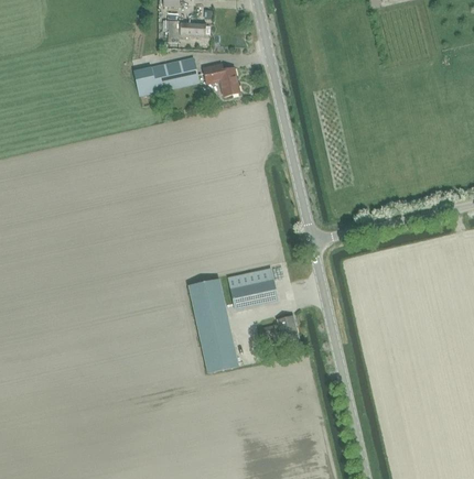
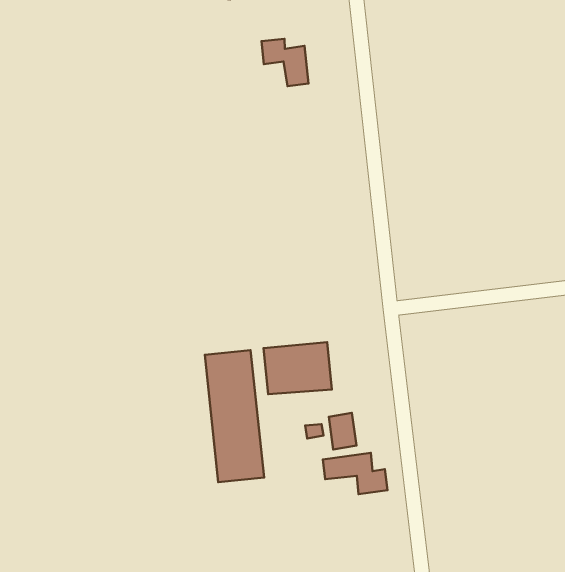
building: [133,56,200,95] -> none
building: none -> [323,453,388,494]

